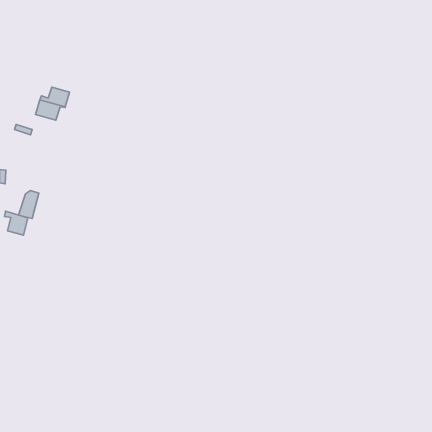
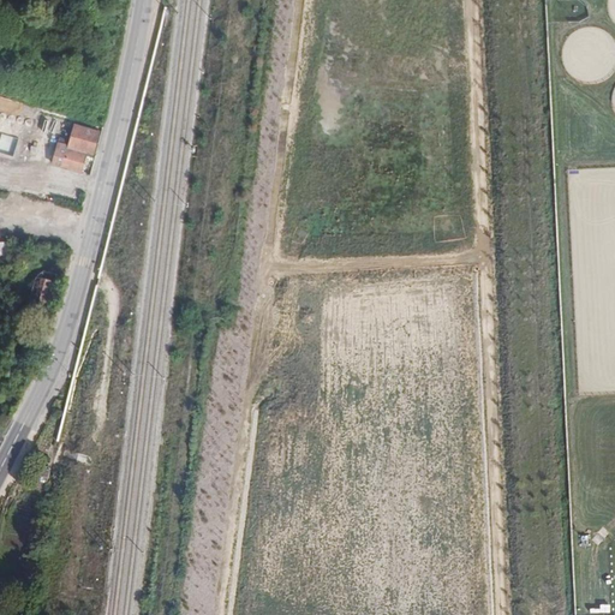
building: [5,211,28,235] -> none

